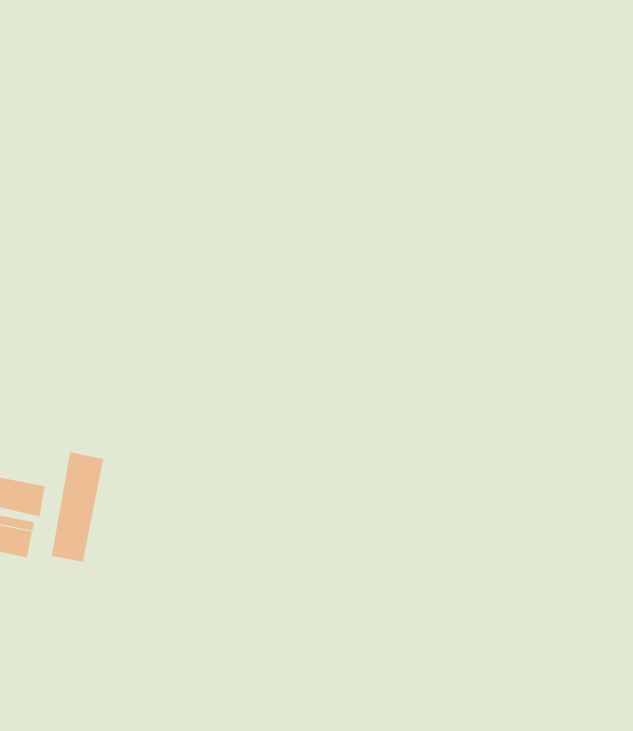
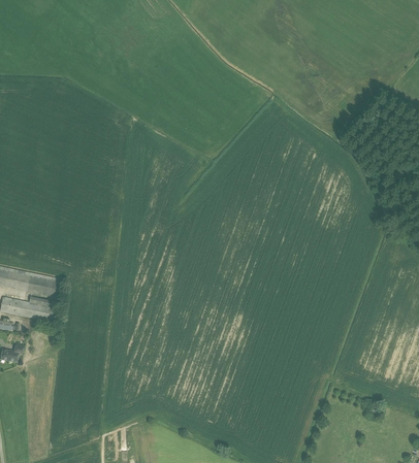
building: [51,452,104,562] -> none

